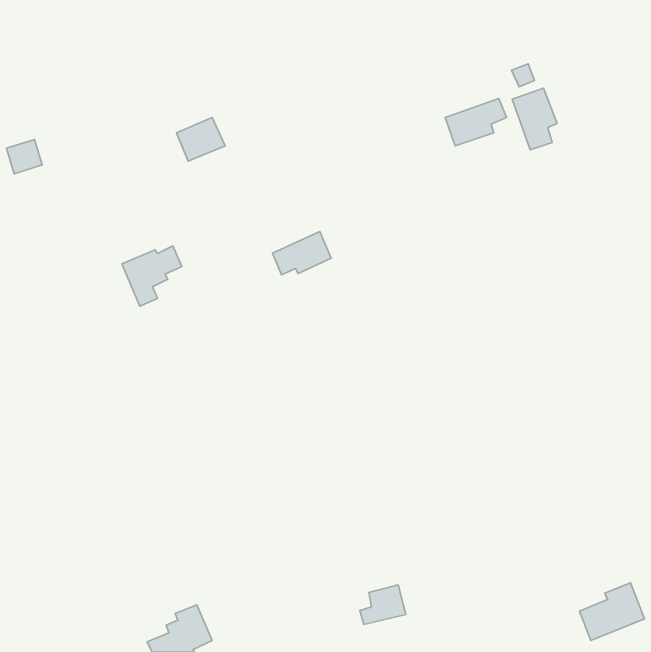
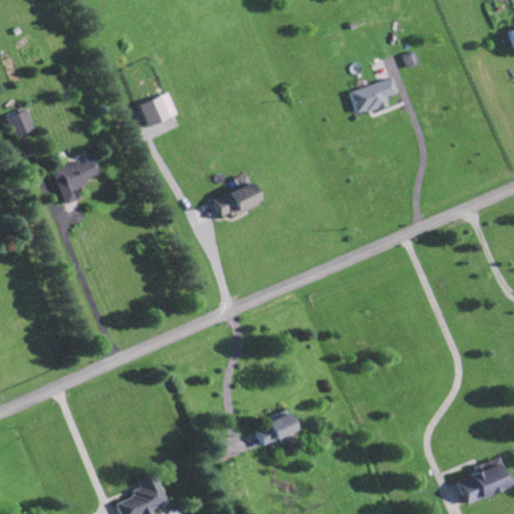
building: [512,88,557,150] -> none
building: [122,246,182,306] -> [53,158,100,205]
building: [360,585,406,625] -> [261,411,297,442]

